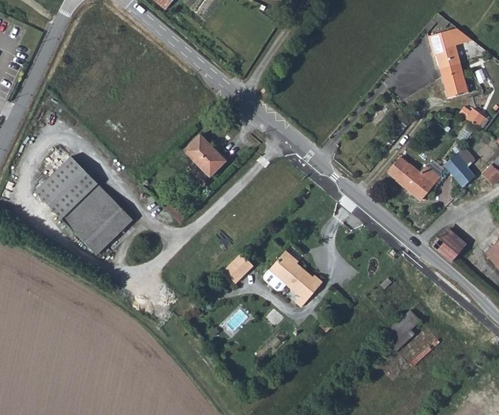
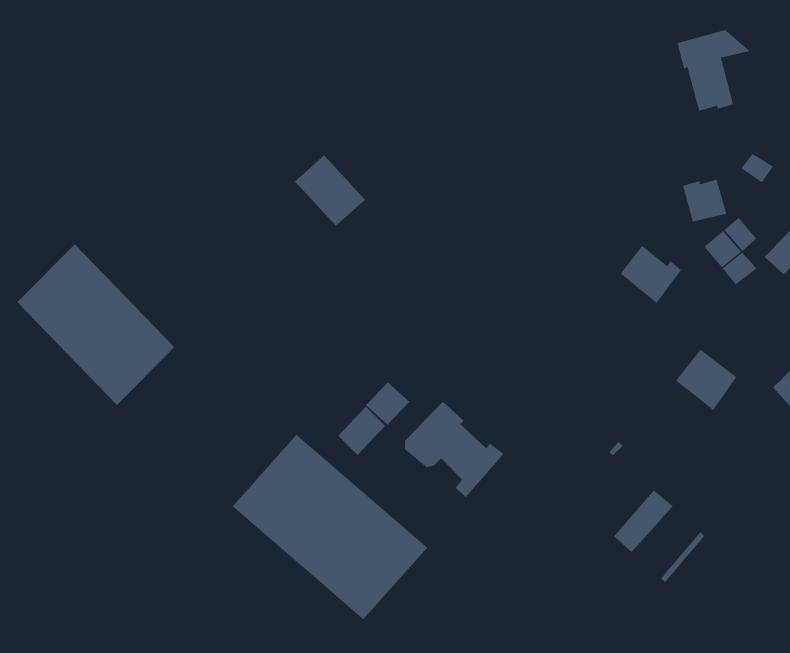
building: [442,74,469,100] -> [682,179,727,222]
building: [181,133,224,176] -> [294,155,366,227]
building: none -> [365,382,410,425]
building: none -> [232,434,428,620]

